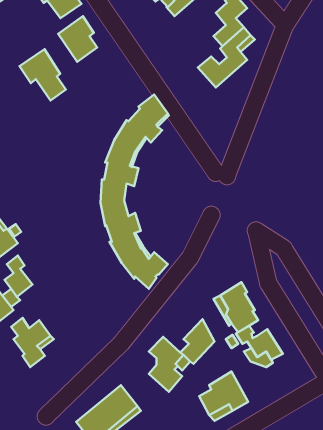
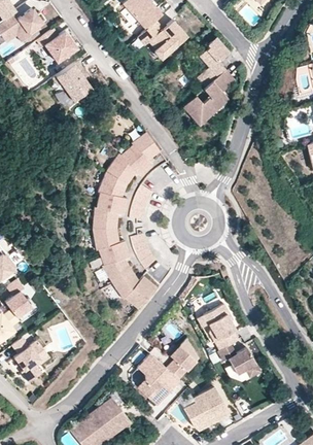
building: [20,49,66,100] -> none
building: none -> [131,184,153,219]
building: none -> [132,235,158,270]

